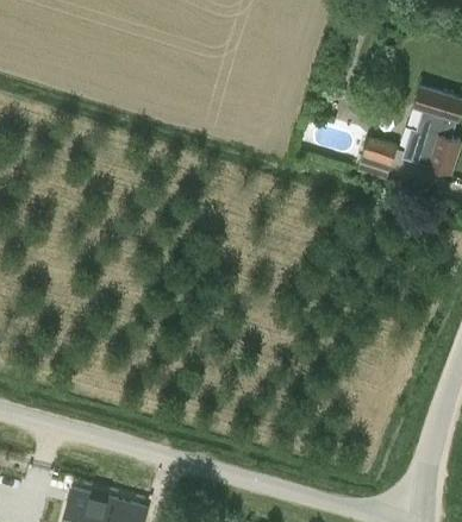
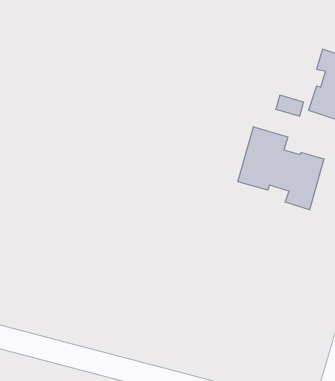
building: none -> [238,127,324,210]

